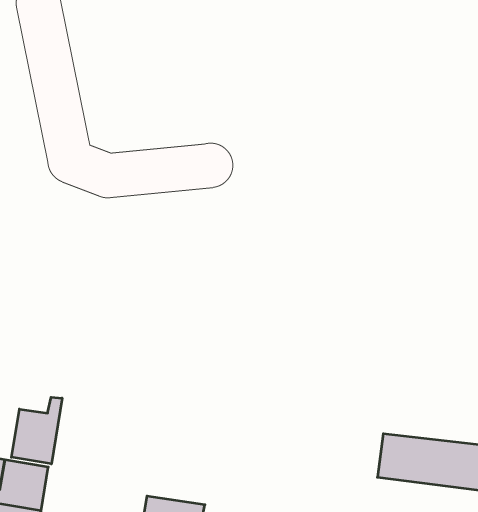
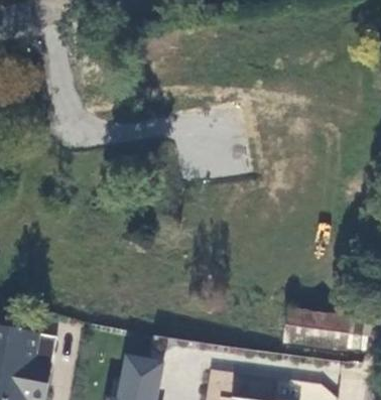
building: [11,397,62,464] -> none

